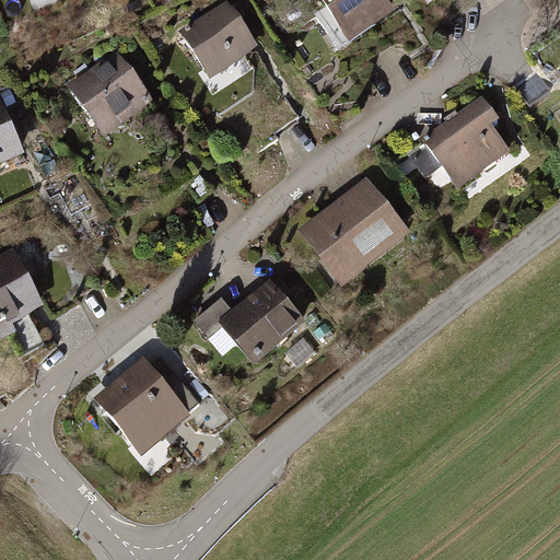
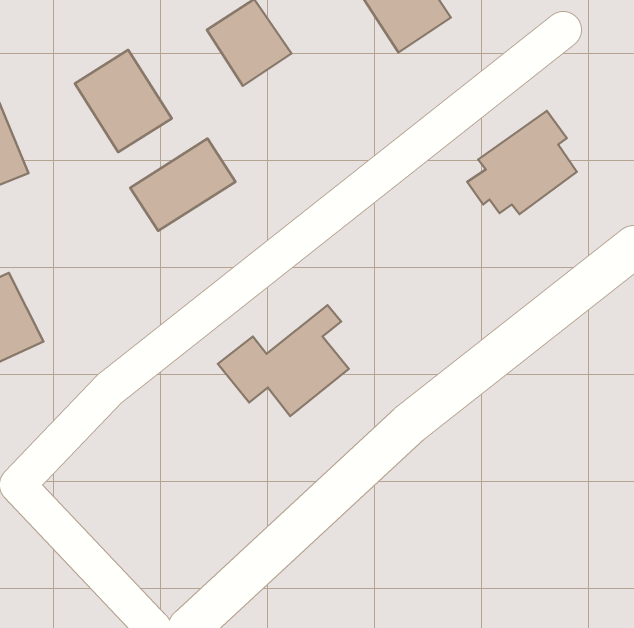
building: none -> [130,139,235,231]
building: [296,177,408,285] -> none
building: [94,358,198,453] -> none

